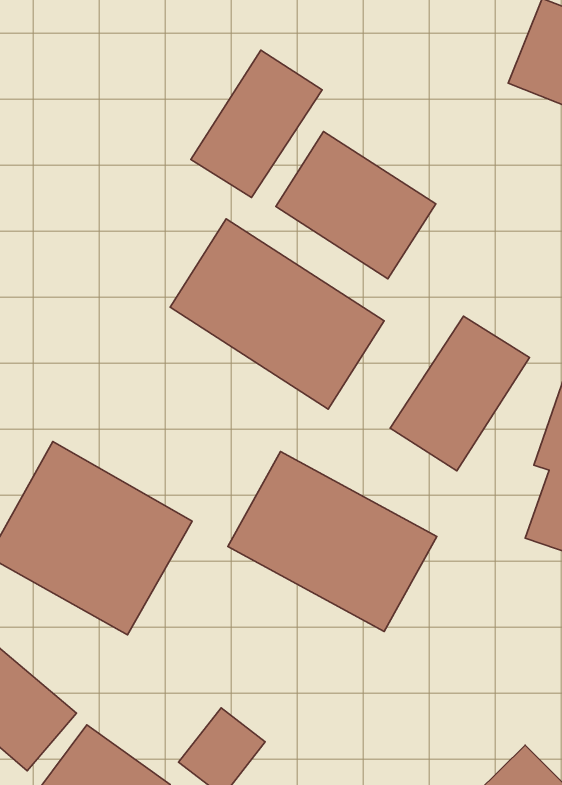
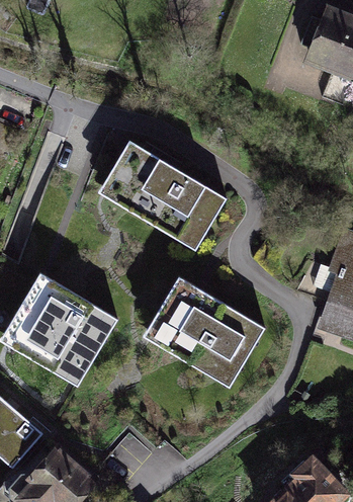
building: [191,50,322,198] -> none
building: [276,131,436,279] -> none
building: [390,316,529,471] -> none

